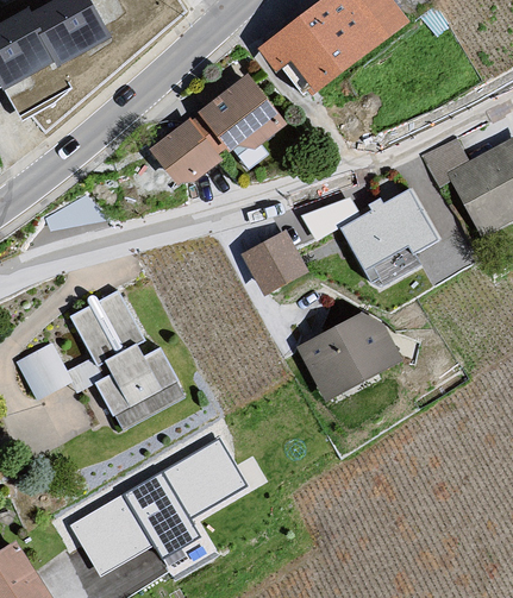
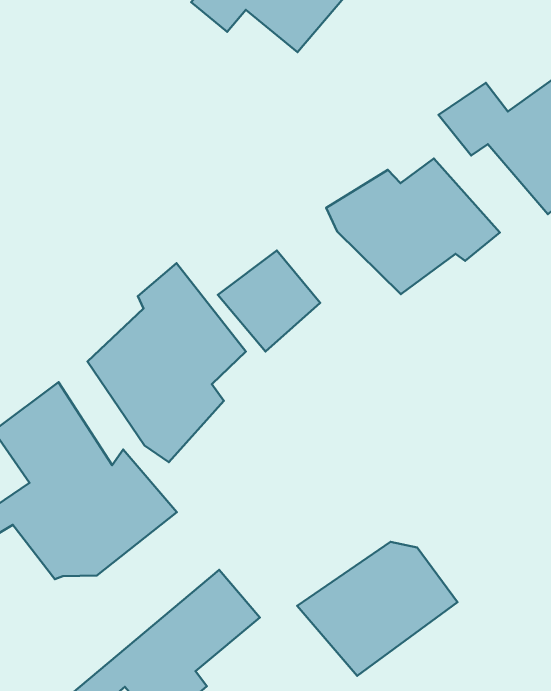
building: [149,71,290,187] -> none
building: none -> [87,263,246,462]
building: [293,313,405,402] -> [297,542,457,676]

